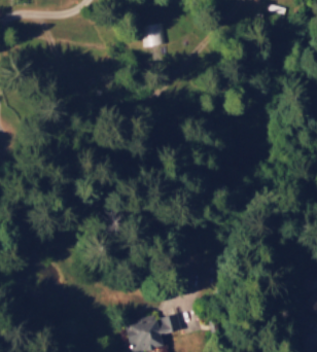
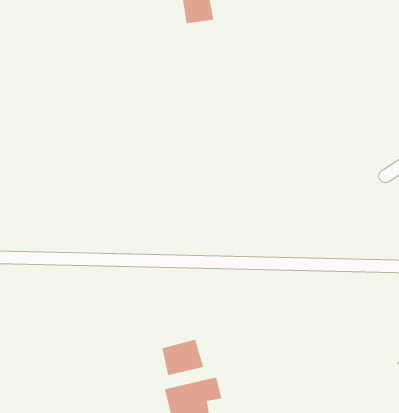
building: none -> [162,339,204,376]

